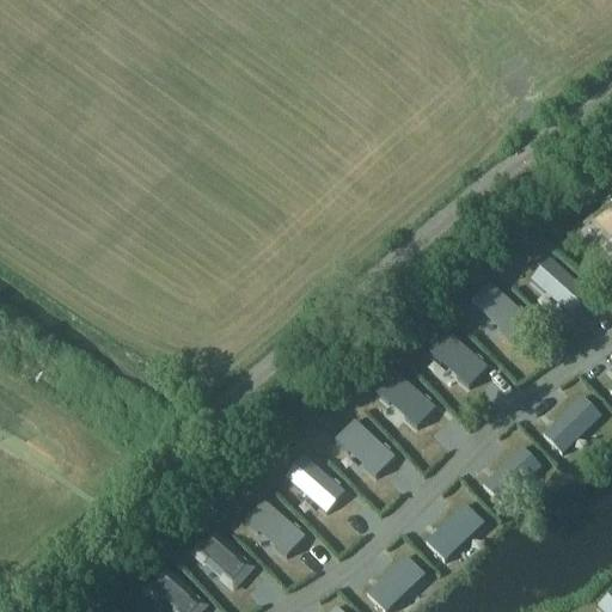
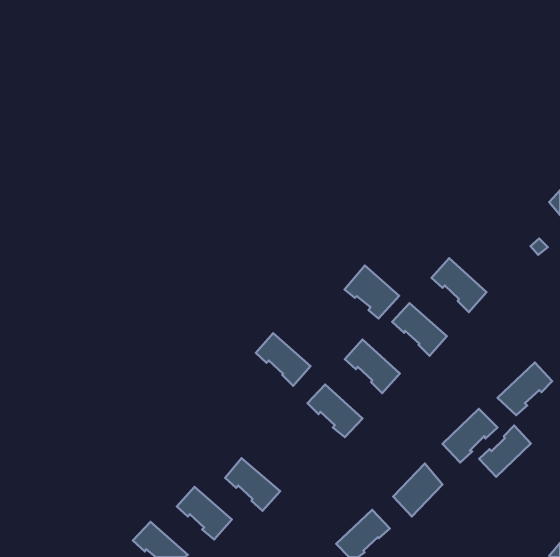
building: [530,256,590,314] -> none
building: none -> [344,266,399,319]
building: [284,454,344,512] -> [256,333,311,386]
building: none -> [479,426,531,477]

